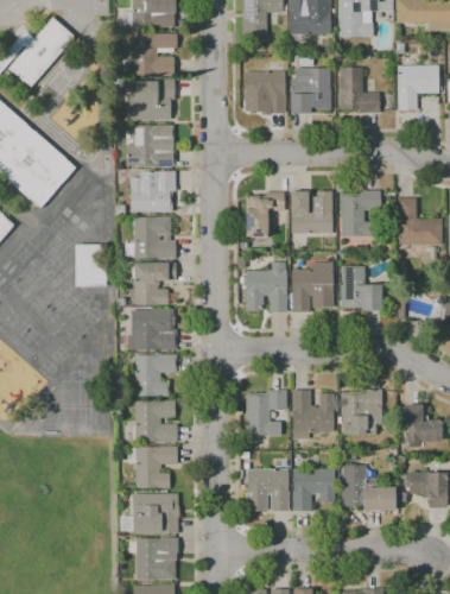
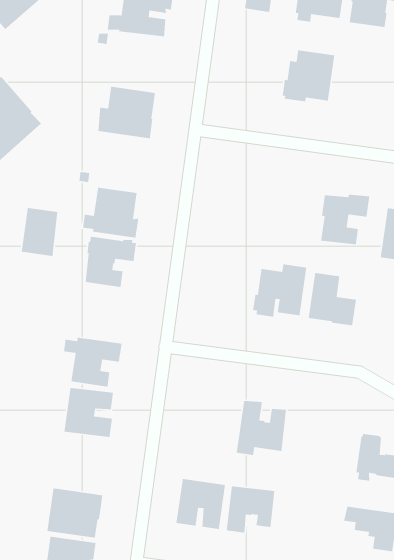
building: [340,68,380,113] -> none
building: [245,71,286,115] -> none
building: [131,80,176,121] -> none
building: [131,171,177,213] -> none
building: [291,191,332,234] -> none
building: [246,192,285,238] -> none
building: [243,263,290,312] -> none
building: [132,310,177,350] -> none
building: [342,388,382,435] -> none
building: [246,391,287,436] -> none
building: [128,446,178,488] -> none
building: [343,465,395,511] -> none

